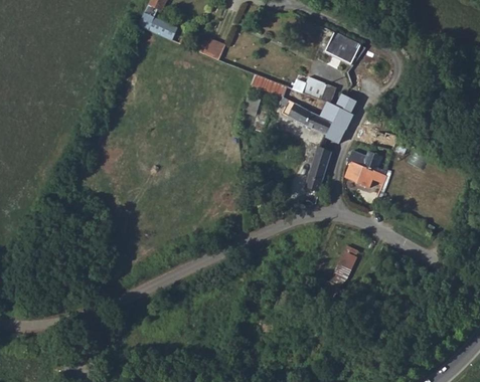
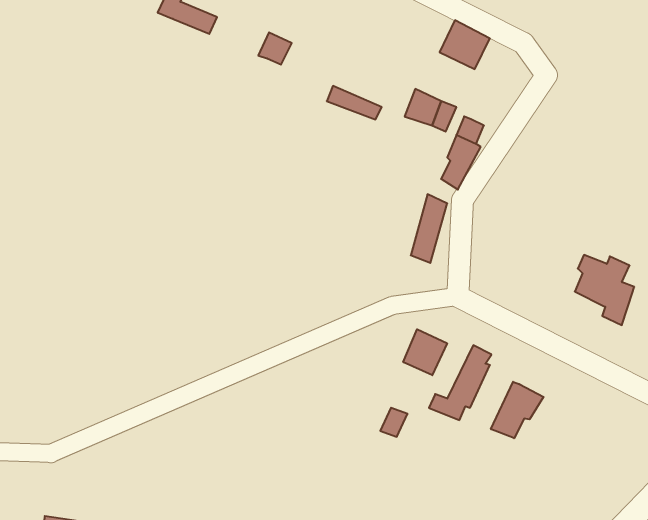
building: [281,96,332,135] -> none
building: [346,150,385,196] -> [575,255,634,325]
building: none -> [403,329,447,375]
building: none -> [491,382,544,438]

